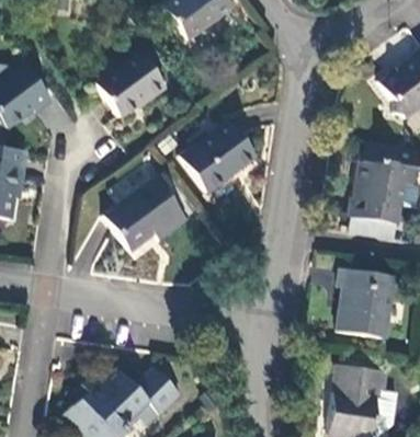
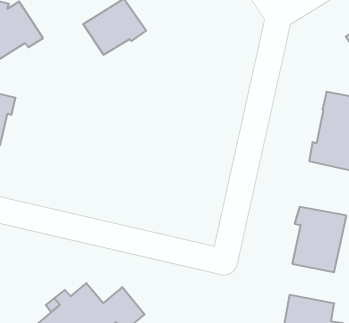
building: [180,120,256,193] -> none
building: [102,177,184,251] -> none

